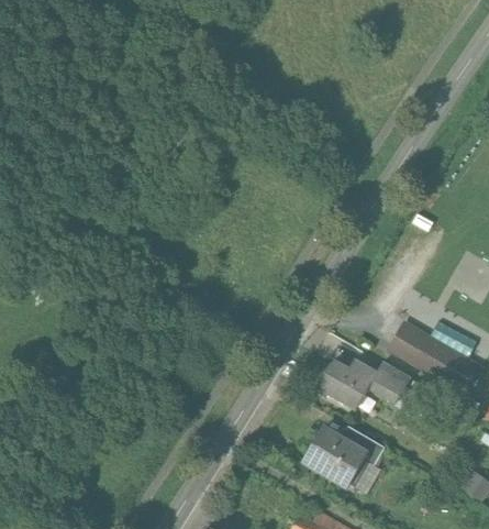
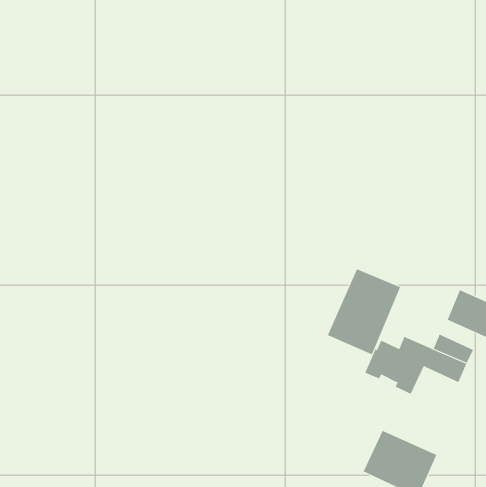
building: none -> [327,268,401,355]
building: [334,428,390,466] -> none

